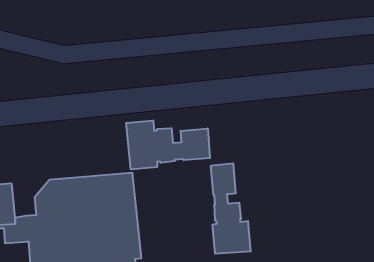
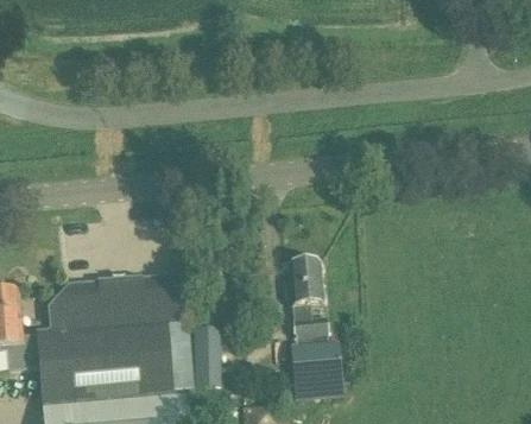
building: [126,120,210,169] -> none
building: none -> [194,327,220,386]

